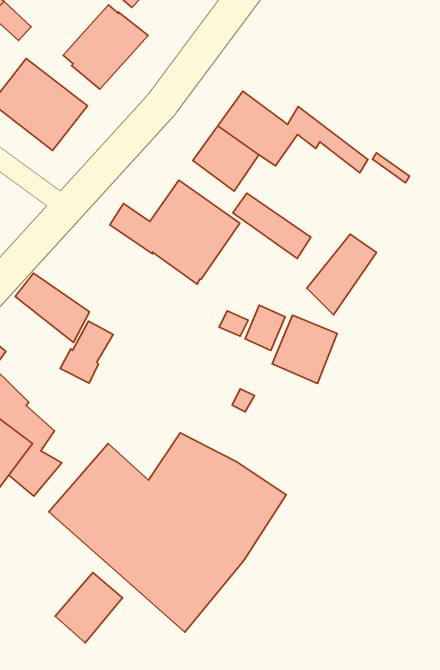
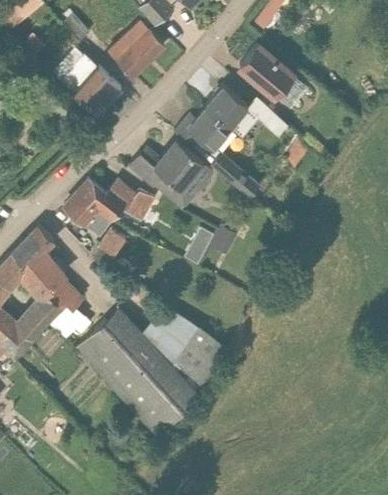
building: none -> [241,47,296,99]
building: [307,234,376,315] -> none
building: none -> [76,179,155,221]
building: [272,315,337,383] -> none
building: [55,573,123,643] -> none

